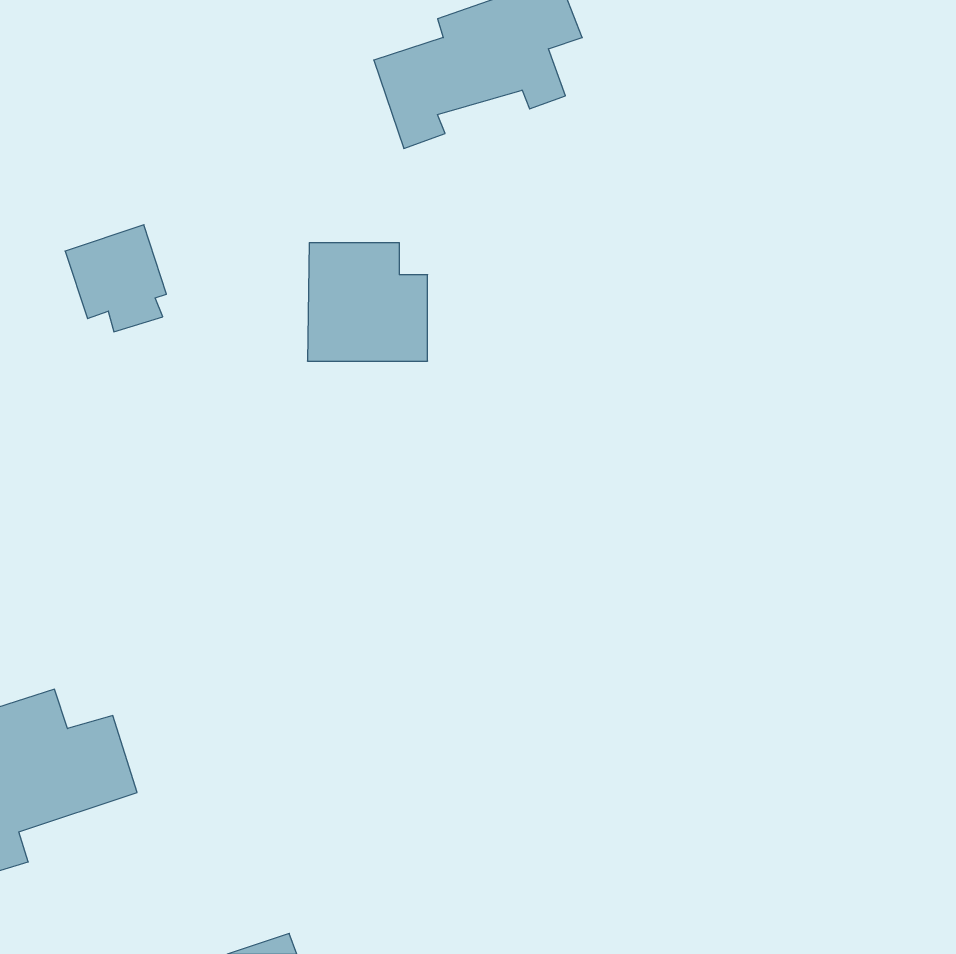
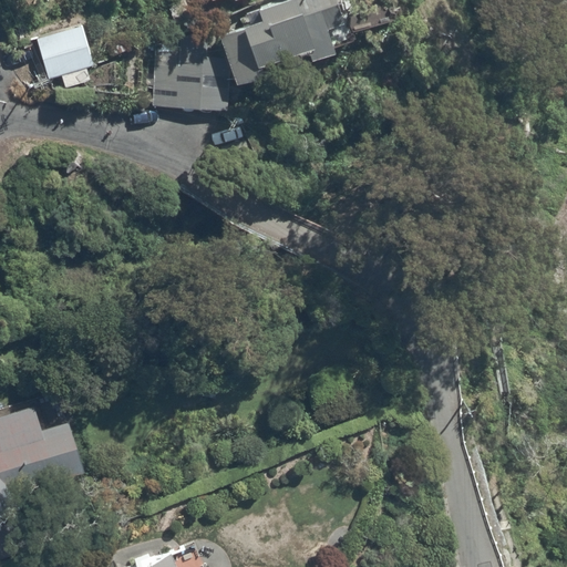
building: [65,225,166,332] -> [34,23,94,86]
building: [307,243,428,361] -> [153,38,224,107]

